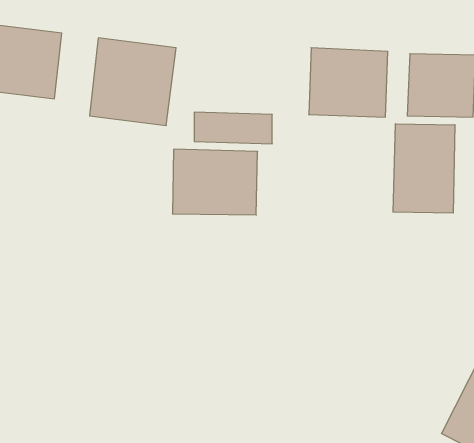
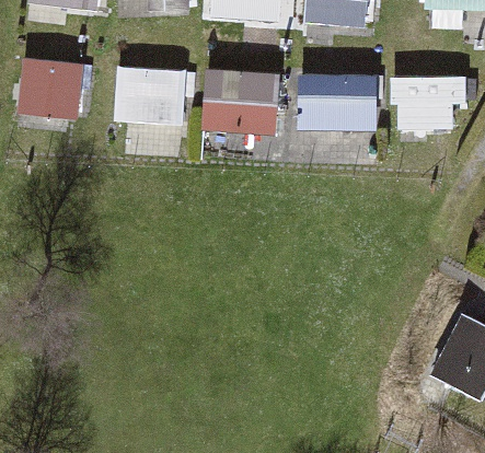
building: [393,124,455,213] -> none
building: [172,149,258,215] -> [200,68,277,127]

